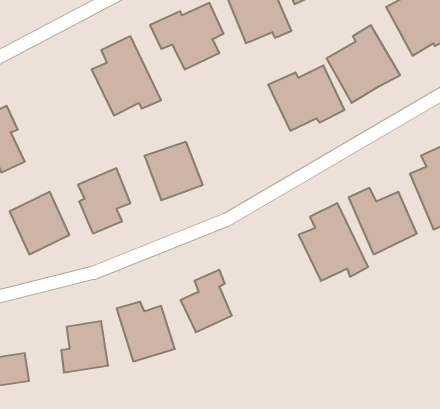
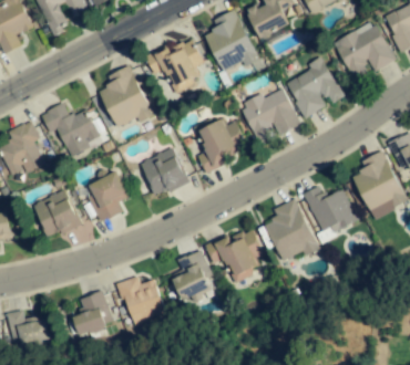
building: none -> [41,104,102,157]
building: none -> [194,118,247,174]
building: none -> [206,226,265,283]

